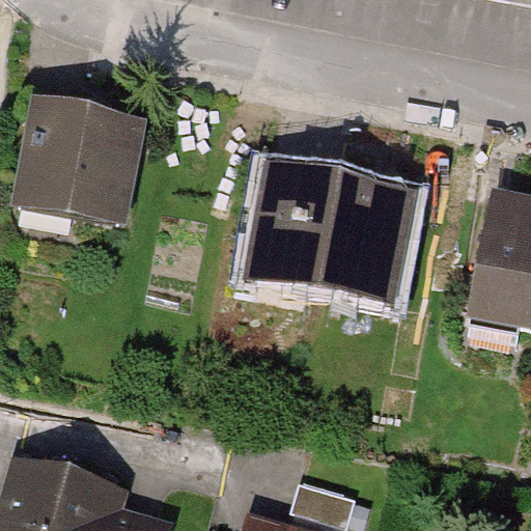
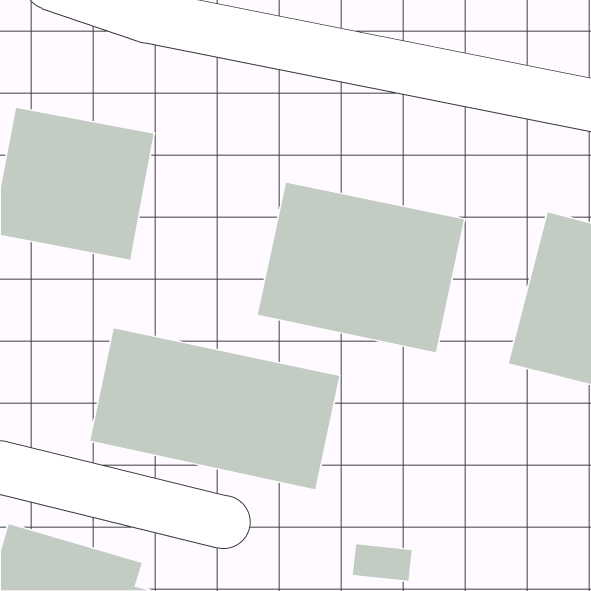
building: none -> [89,327,340,490]

